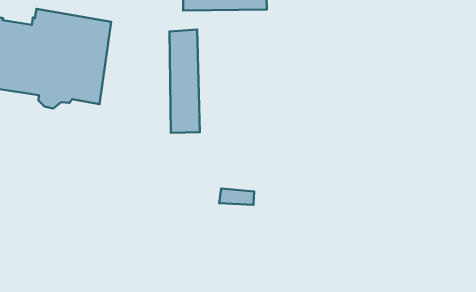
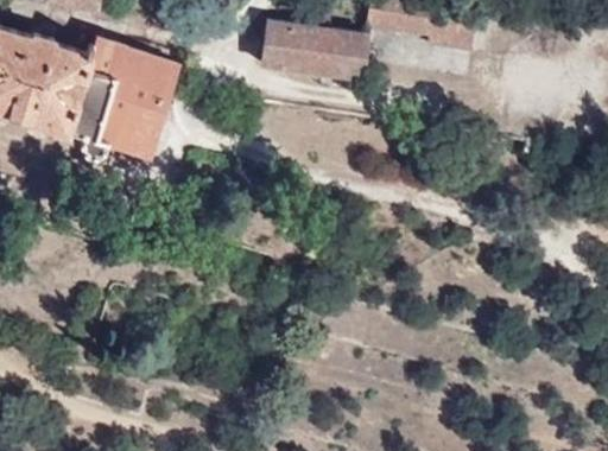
building: [170,30,200,133] -> none

